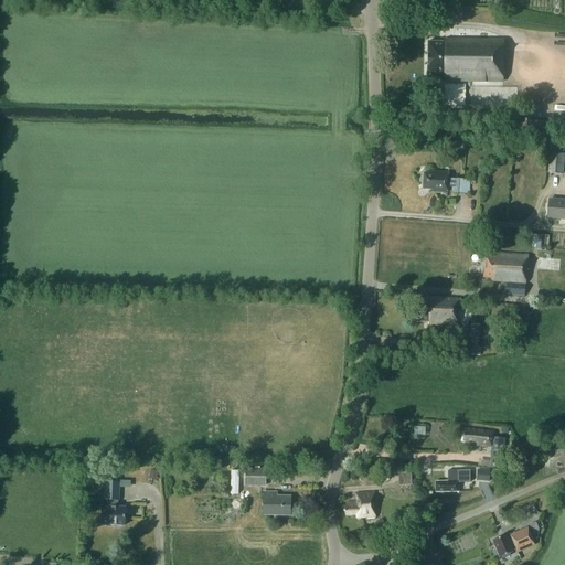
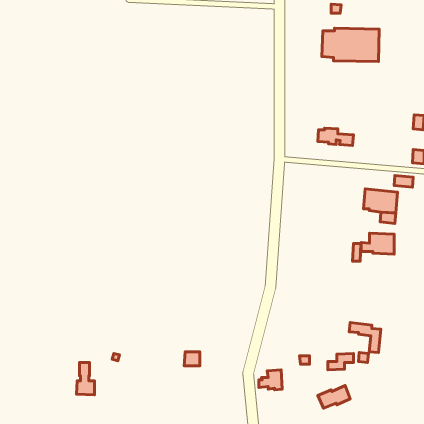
building: [414,297,458,324] -> [361,233,394,254]
building: [265,491,290,513] -> none
building: [492,526,535,556] -> [318,386,350,408]

